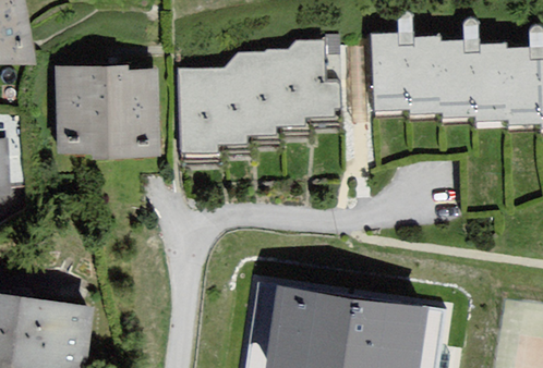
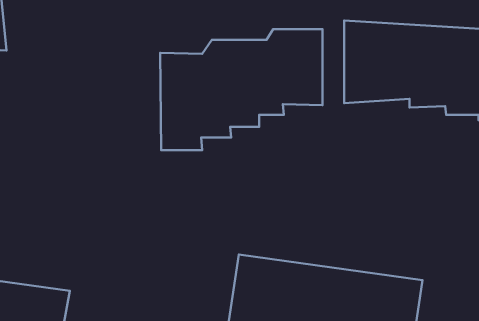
building: [53,62,161,155] -> none

